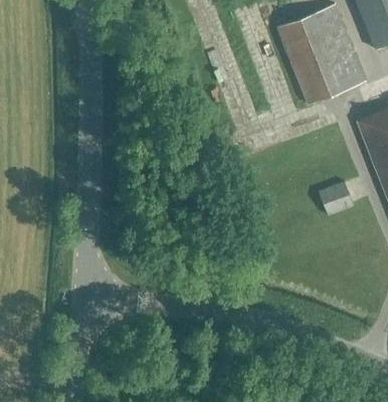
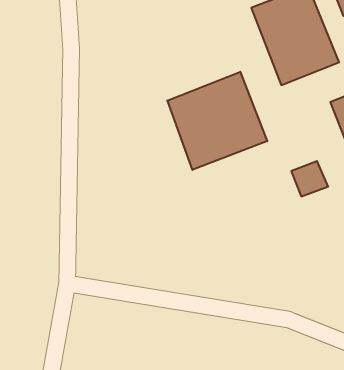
building: none -> [167,72,267,170]

